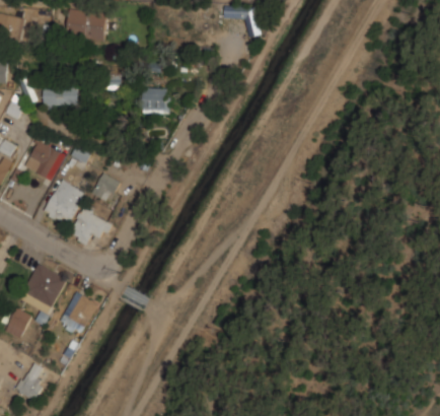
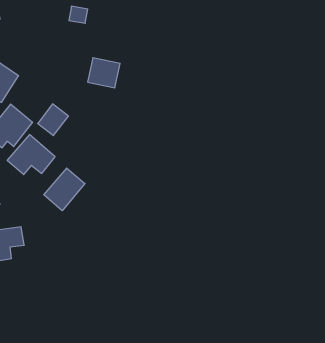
building: [43,86,76,109] -> none
building: [141,89,169,115] -> [88,58,120,88]
building: none -> [44,168,85,211]

